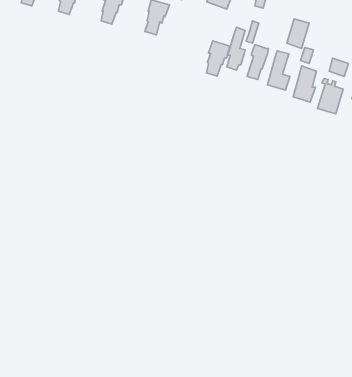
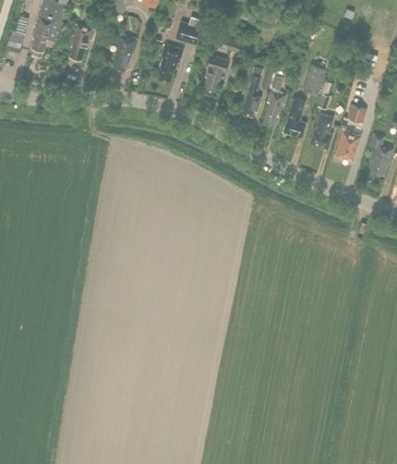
building: [206,41,230,76] -> [204,54,228,90]

